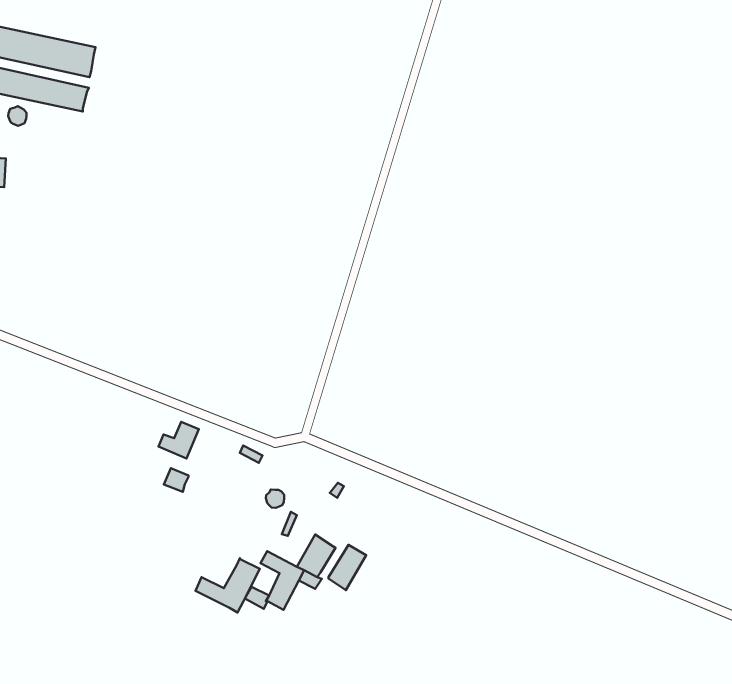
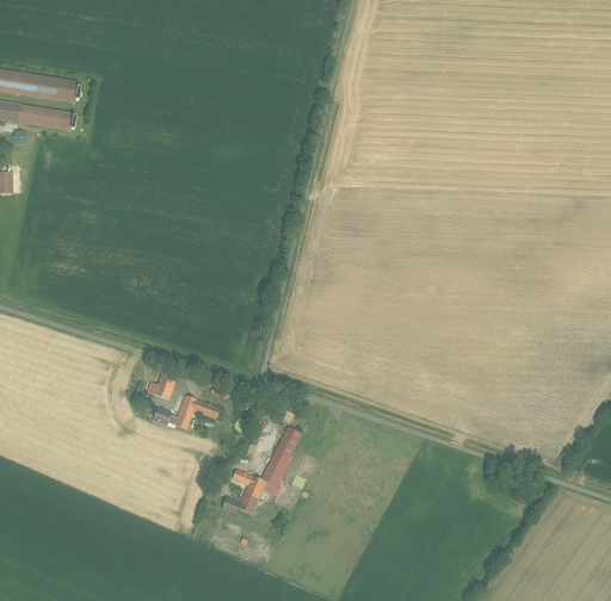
building: none -> [174,395,220,429]
building: [328,545,366,590] -> [273,426,302,461]
building: [195,558,260,612] -> none

